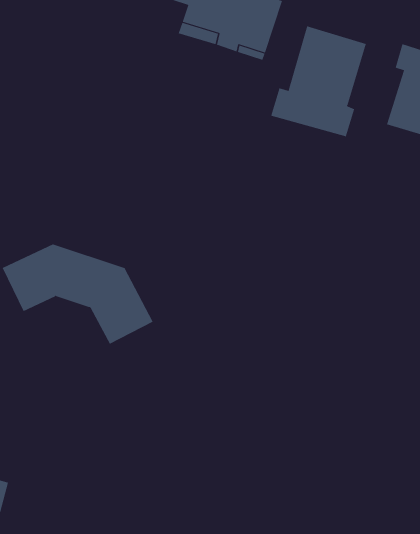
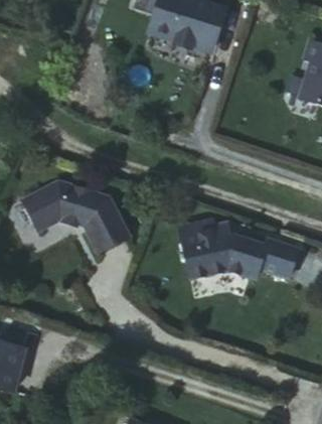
building: [270,26,367,137] -> none
building: none -> [181,224,296,280]

